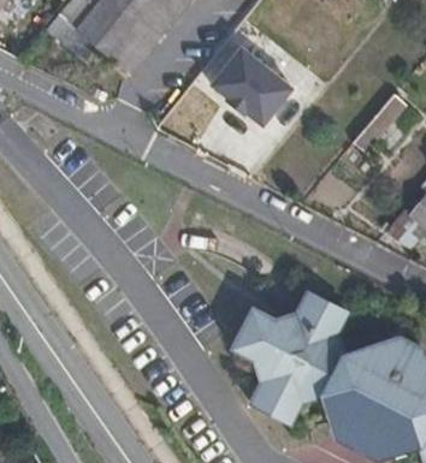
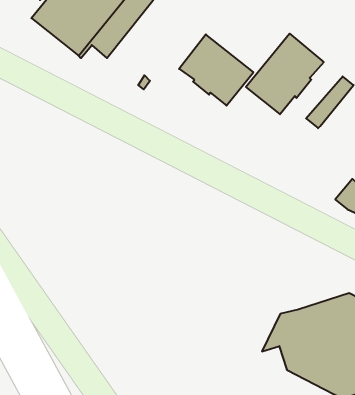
building: none -> [246,34,324,114]
building: [232,291,348,423] -> none

